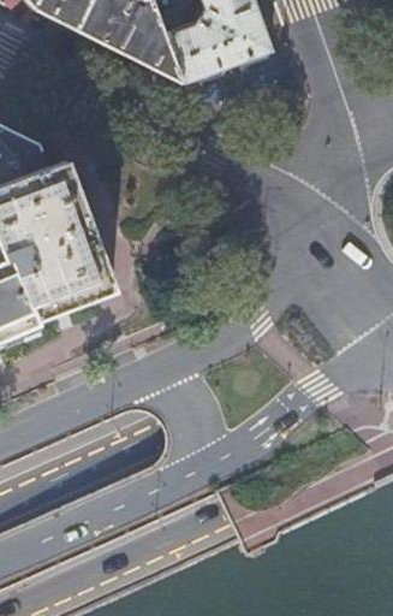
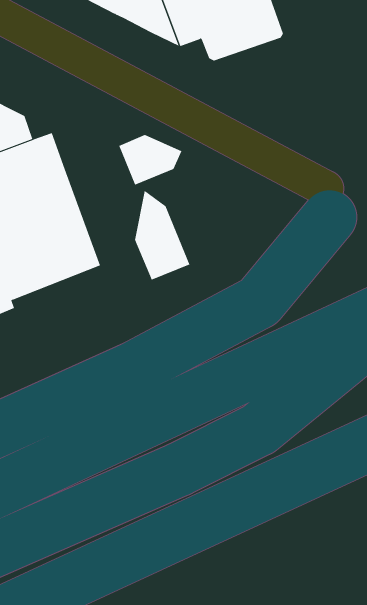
building: none -> [119,134,182,186]
building: none -> [135,190,190,280]

